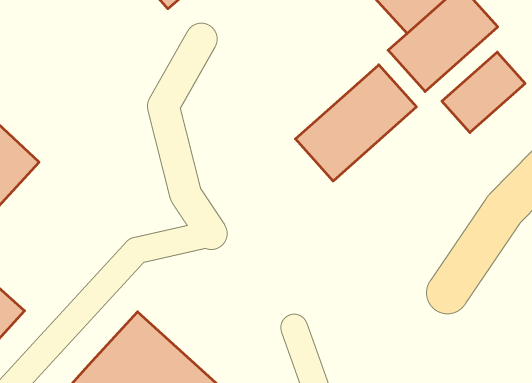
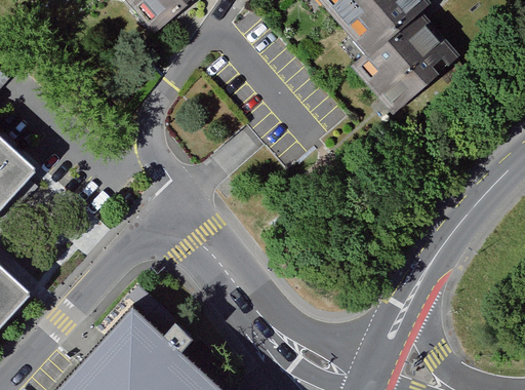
building: [442,52,525,133] -> none
building: [295,65,416,181] -> none

